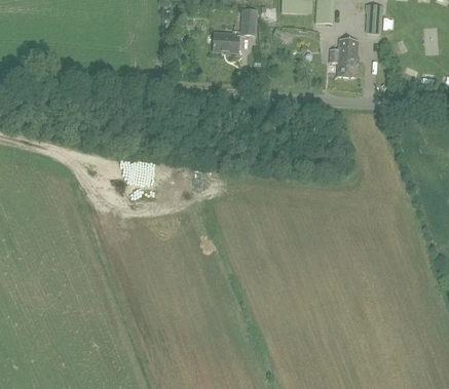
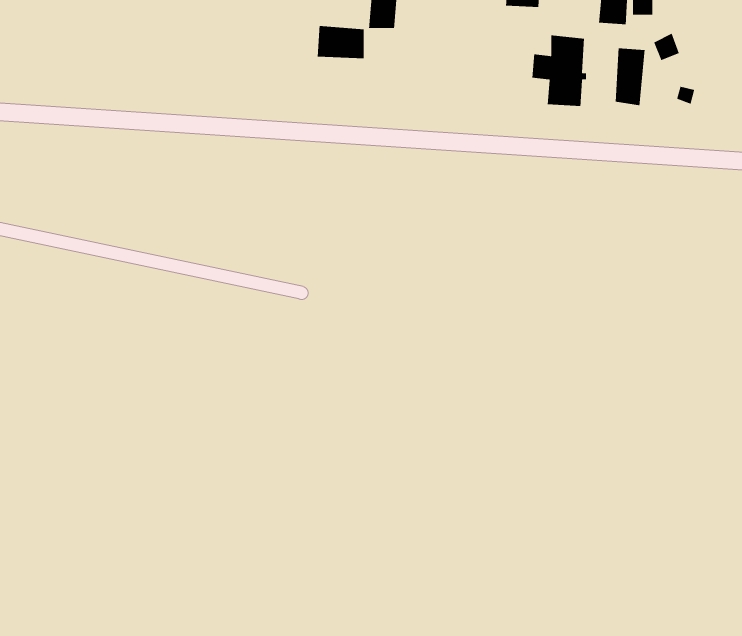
building: none -> [615,47,645,106]

